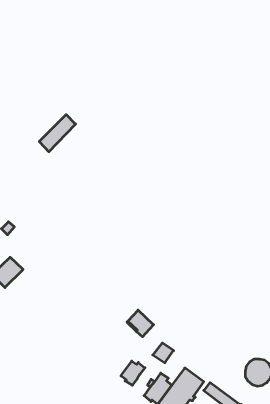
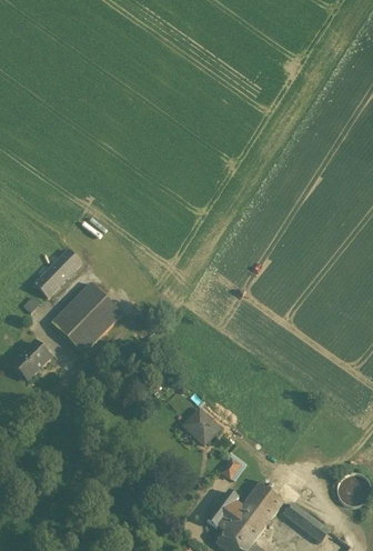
building: [39,115,76,152] -> [34,249,81,297]
building: none -> [51,282,122,353]
building: [121,361,145,385] -> none

